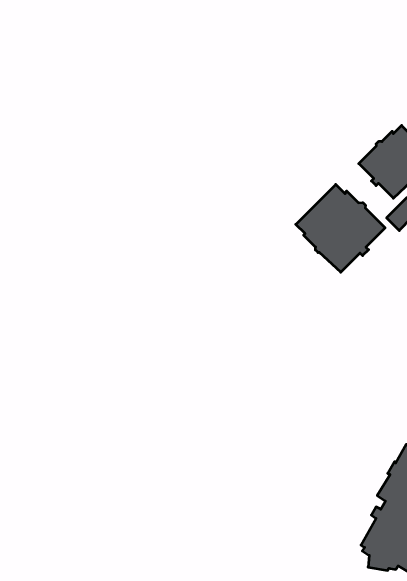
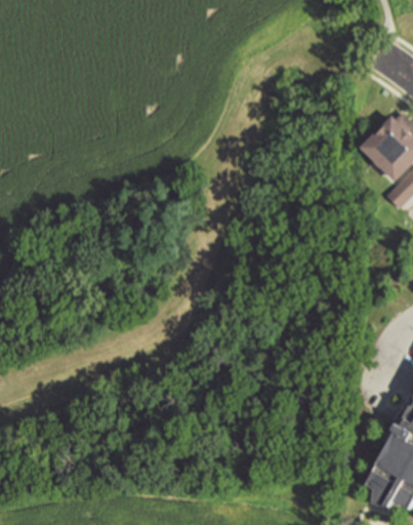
building: [296,184,385,272] -> none

